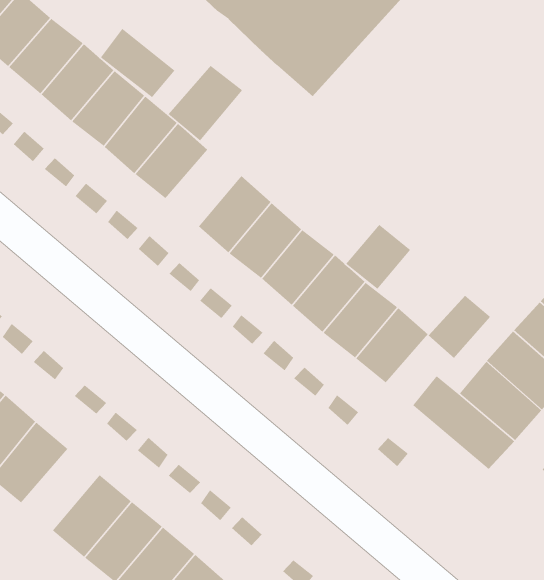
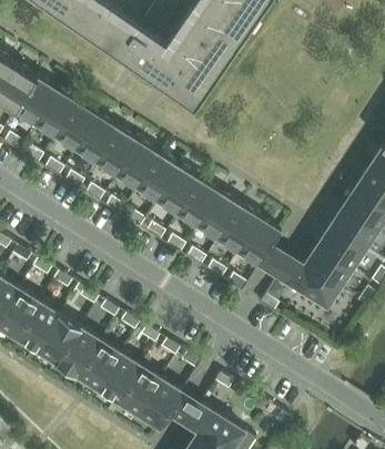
building: [100,28,175,98] -> none
building: [168,65,243,142] -> [118,143,160,188]
building: [345,224,411,290] -> none
building: [428,295,491,359] -> none
building: none -> [58,328,101,377]

